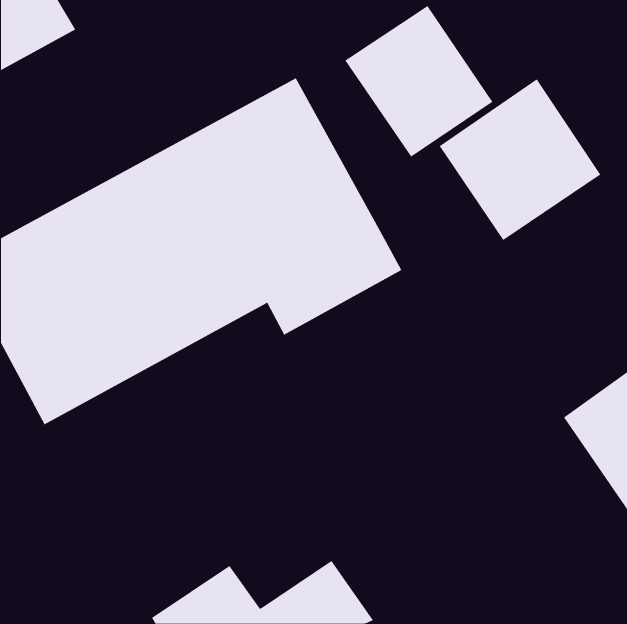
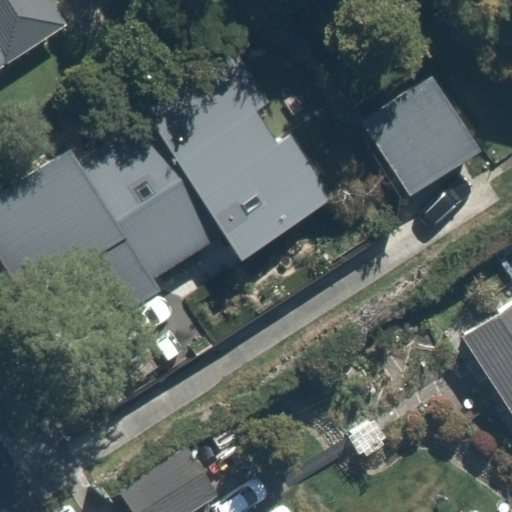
building: [345,5,493,158] -> none

